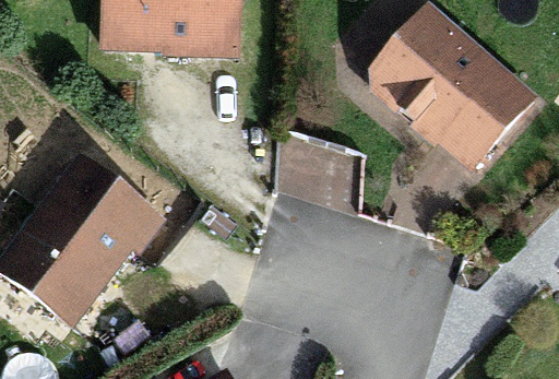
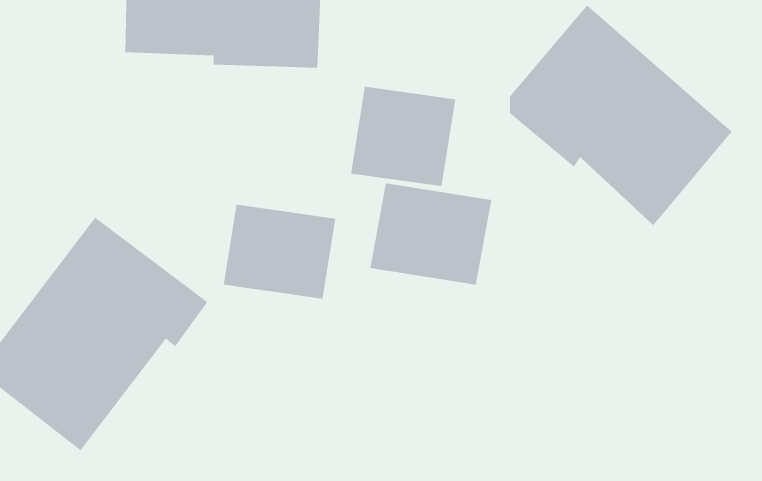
building: none -> [351,86,456,187]
building: none -> [223,204,336,300]

